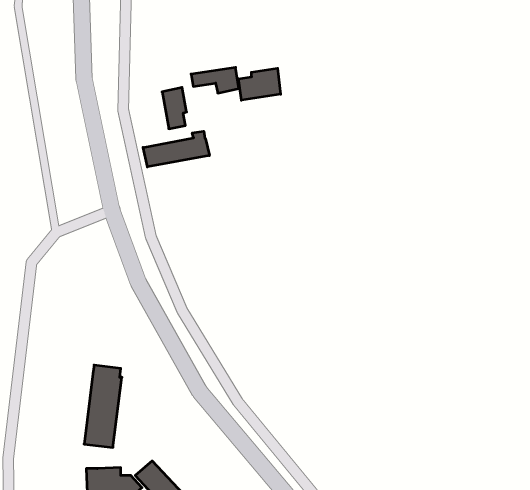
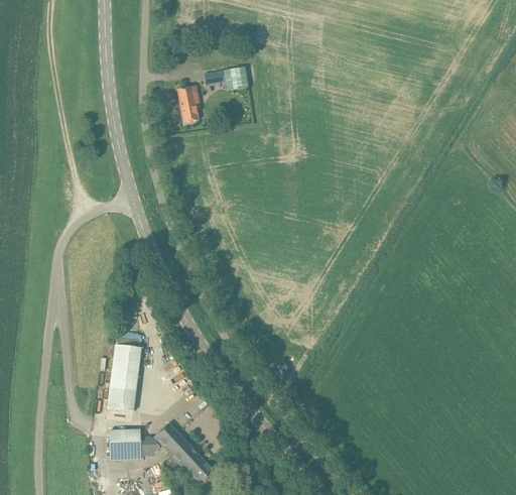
building: [238,68,281,100] -> none
building: [143,131,209,167] -> none

